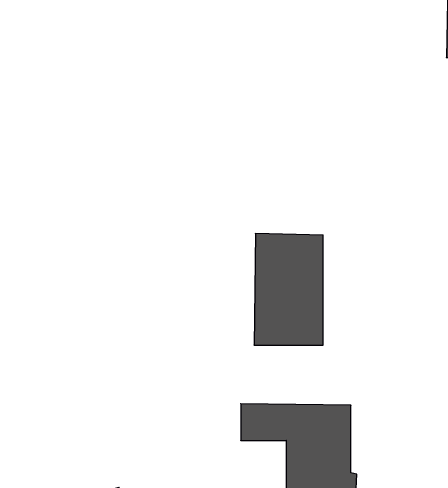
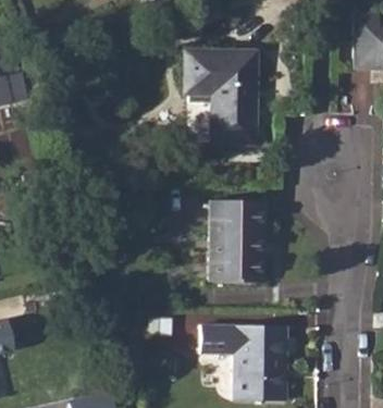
building: none -> [186,50,256,143]

